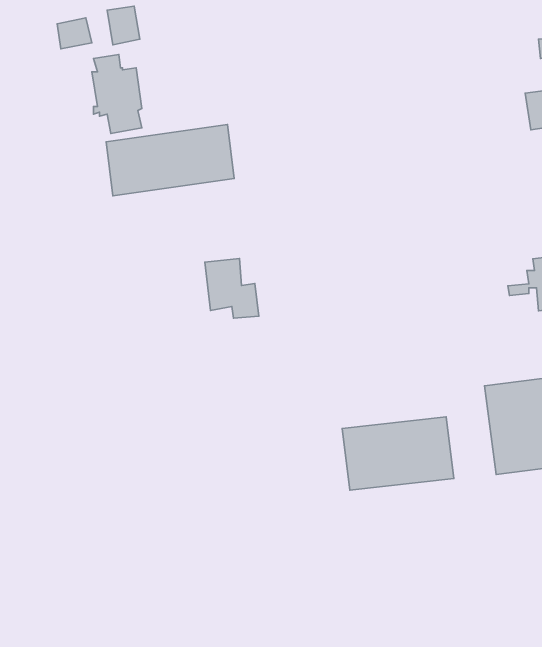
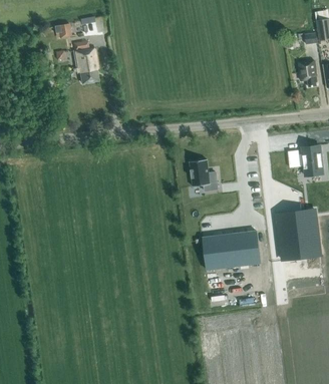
building: [106,124,234,196] -> none
building: [205,258,259,318] -> [188,160,216,191]

